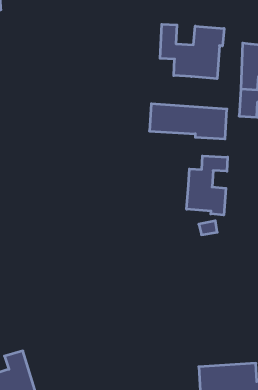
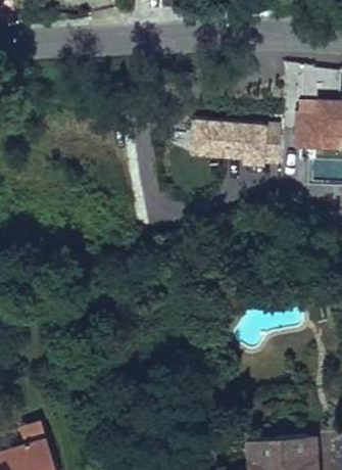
building: [160,24,224,79] -> none
building: [187,156,228,215] -> none

